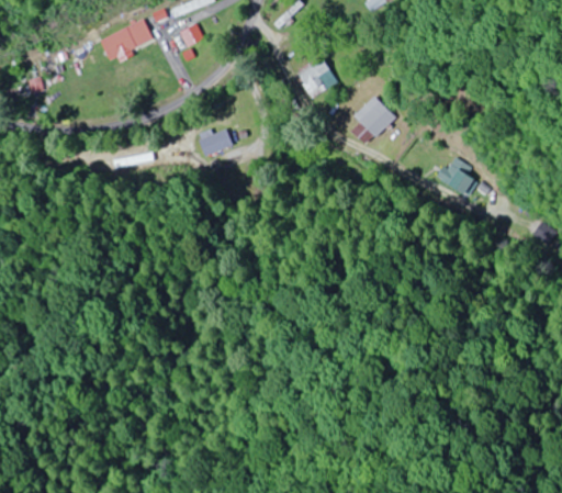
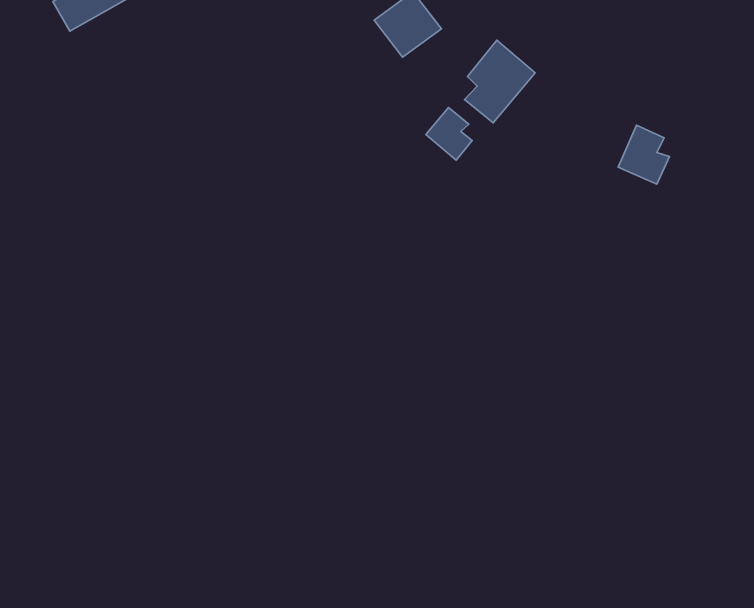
building: [200,125,234,156] -> none
building: none -> [426,107,472,160]

